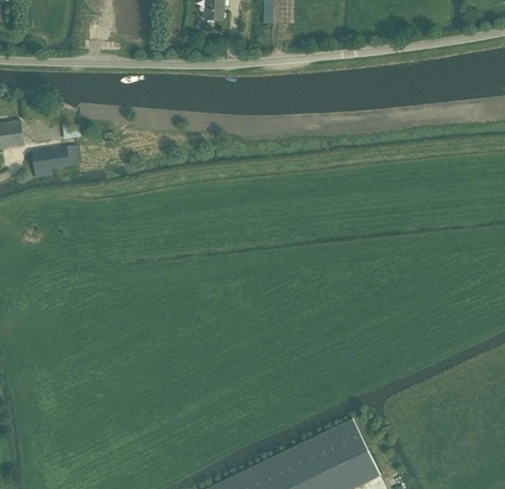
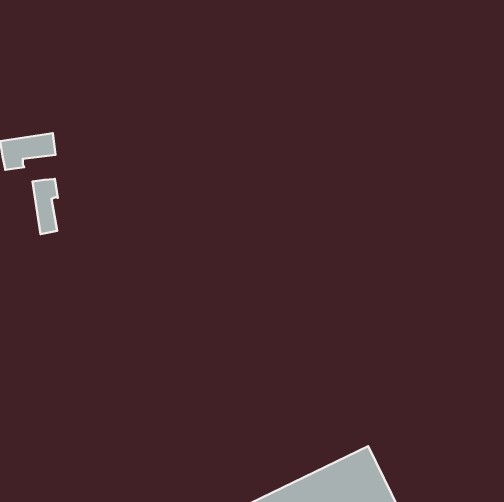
building: none -> [32,179,58,234]

